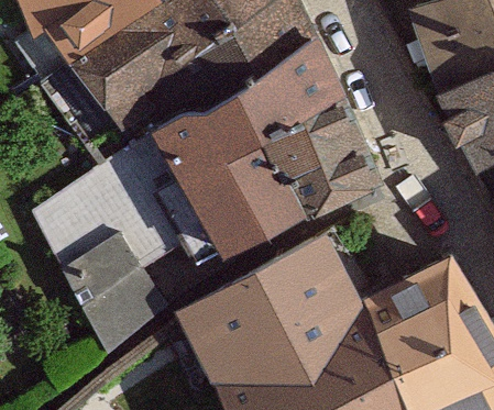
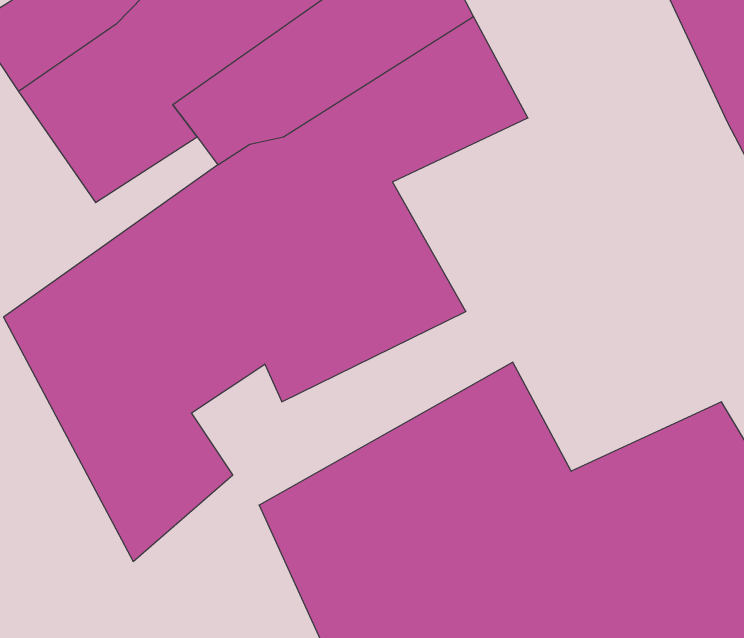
building: [260,92,373,206] -> none

